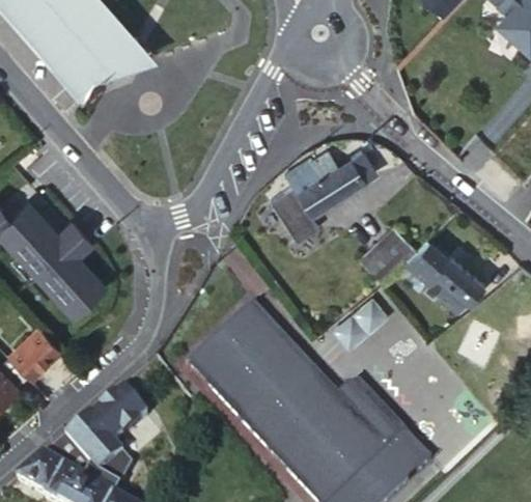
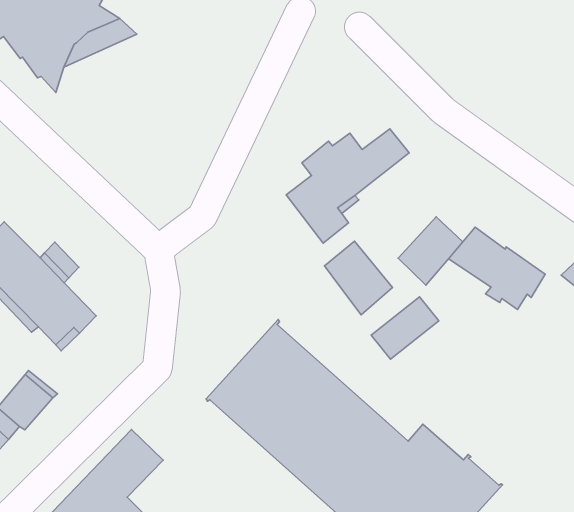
building: none -> [325,241,393,315]
building: [338,379,406,435] -> none

